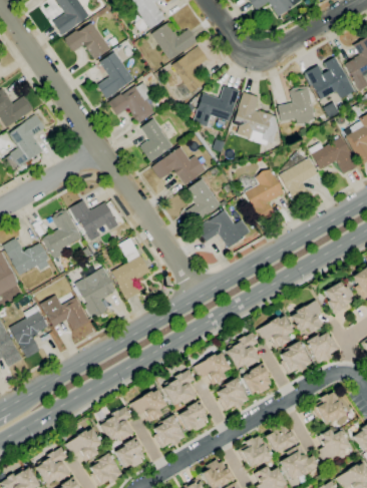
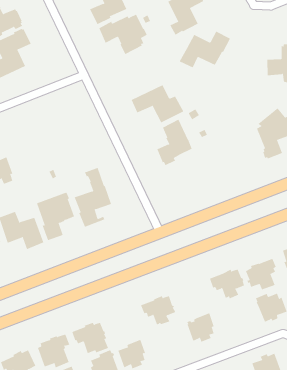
building: [234,92,280,145] -> none
building: [139,118,172,162] -> none
building: [238,169,284,221] -> none
building: [69,199,118,240] -> none
building: [42,209,81,260] -> none
building: [196,210,250,248] -> none
building: [226,333,261,369] -> none
building: [280,341,311,375] -> none
building: [162,370,198,406] -> none
building: [217,378,248,412] -> none

